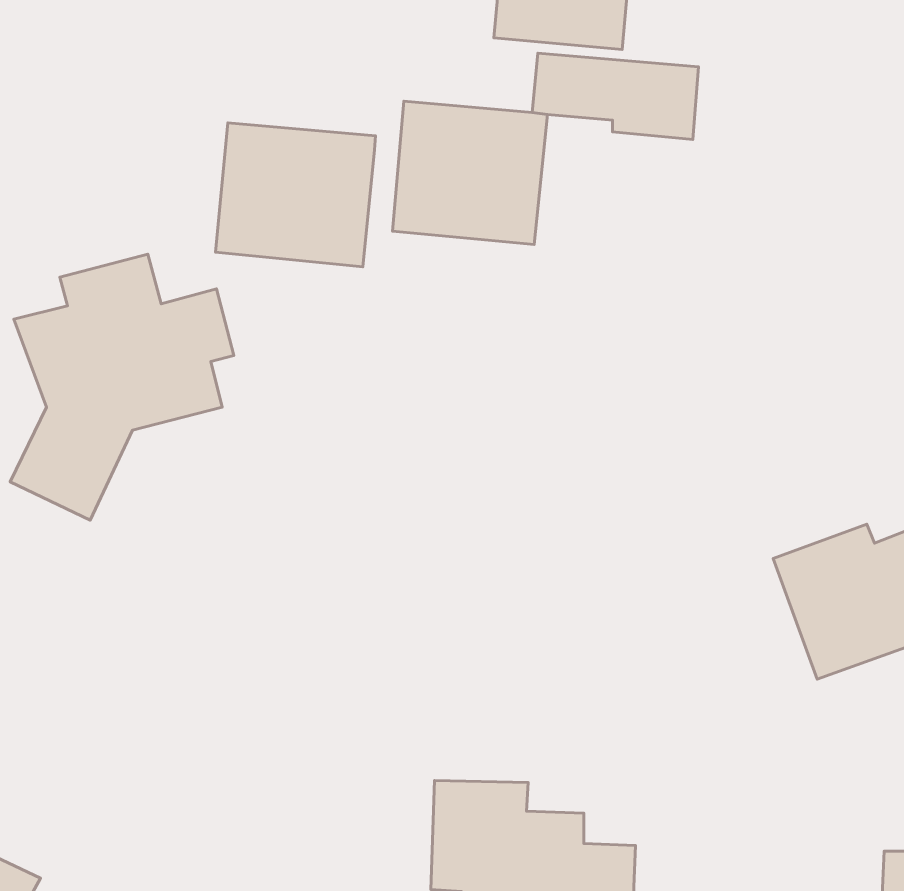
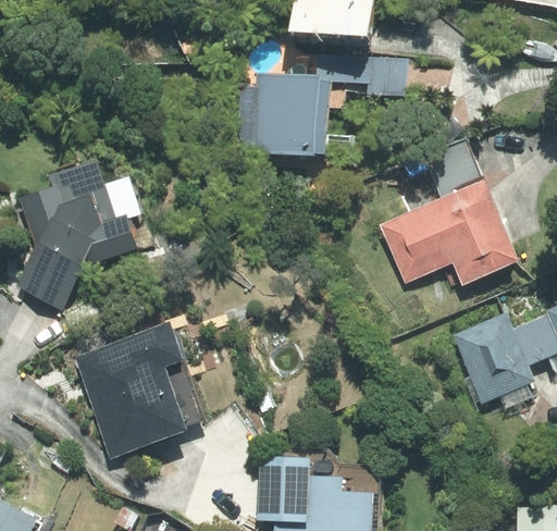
building: [215,123,375,267] -> none
building: none -> [384,139,518,289]
building: none -> [75,324,203,459]

